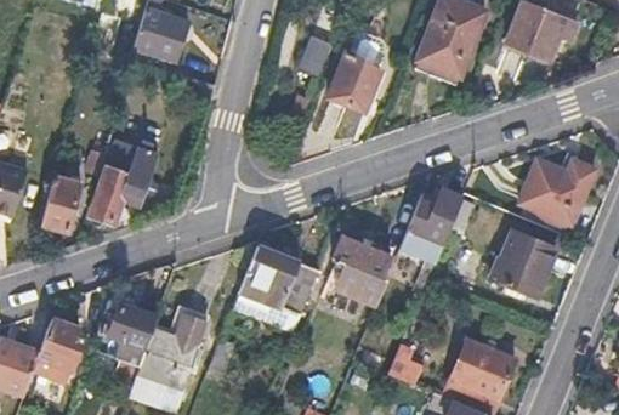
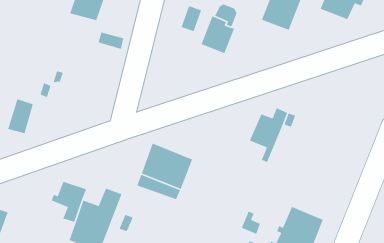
building: [92,141,157,212] -> none
building: [518,161,589,223] -> none
building: [492,232,557,295] -> none
building: [330,237,390,306] -> none
building: [36,318,78,380] -> none

